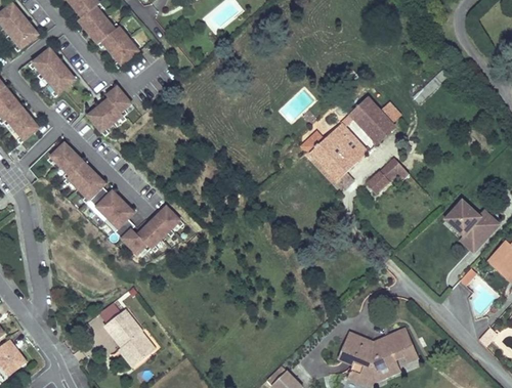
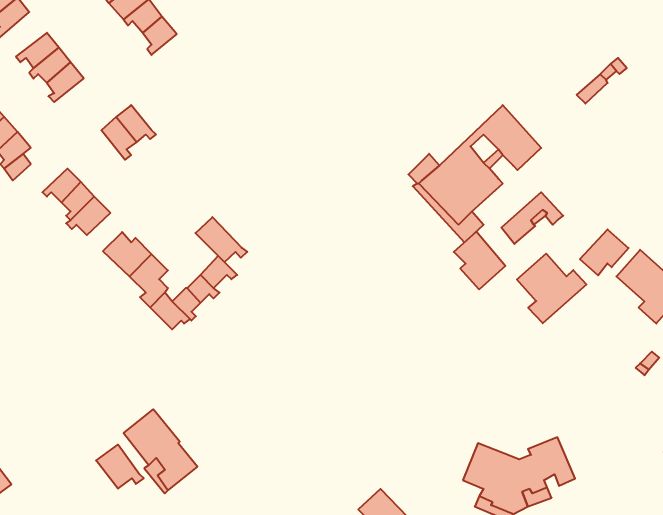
building: [106,84,134,116] -> none
building: [78,173,105,203] -> none
building: none -> [195,217,247,262]
building: none -> [580,229,629,275]
building: none -> [454,232,505,289]
building: none -> [517,254,586,323]
building: none -> [96,445,144,489]

